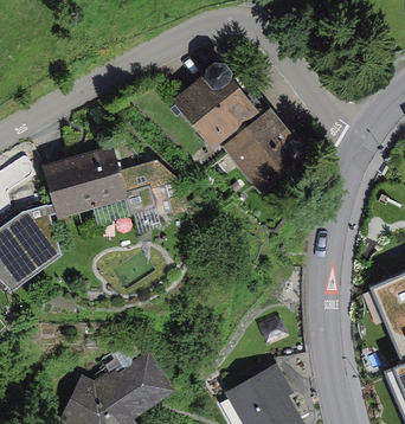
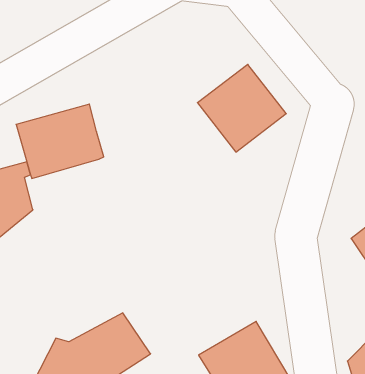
building: [171,62,259,152] -> none
building: [122,158,173,216] -> none

